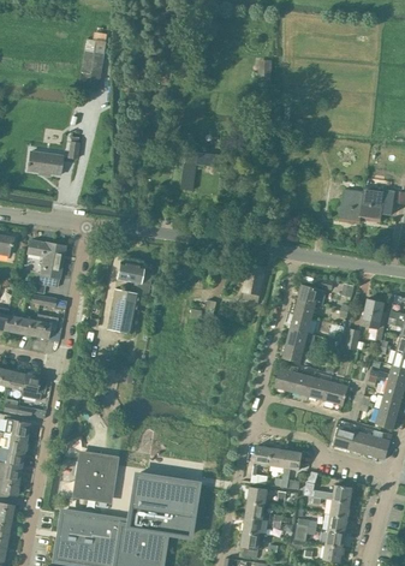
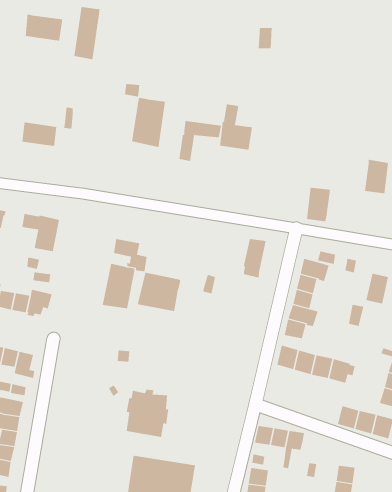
building: none -> [25,13,63,42]
building: none -> [131,97,166,148]
building: none -> [220,104,252,150]
building: [340,190,364,224] -> [306,187,331,222]
building: none -> [137,272,181,312]
building: [75,453,117,500] -> [126,389,169,437]

